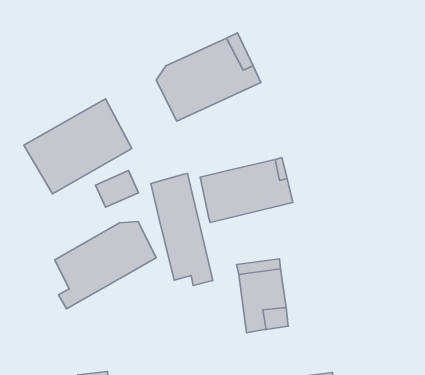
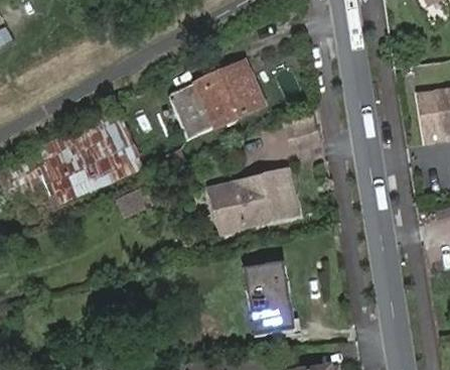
building: [151,174,213,286] -> none
building: [55,221,156,309] -> none

